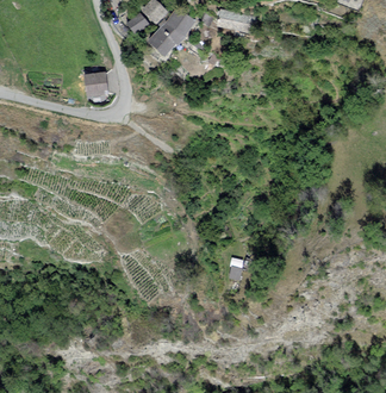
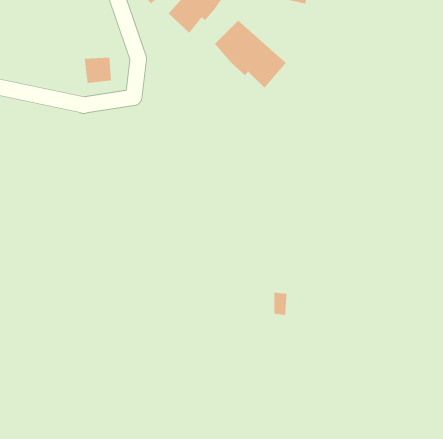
building: none -> [214,20,286,88]

